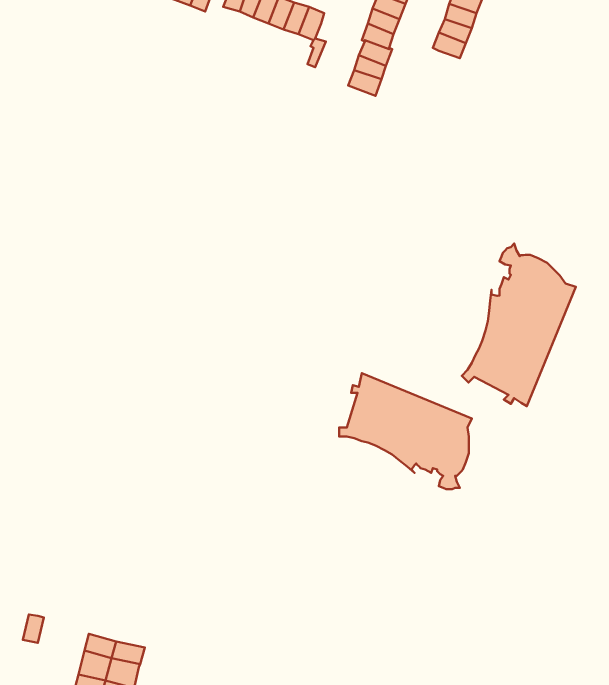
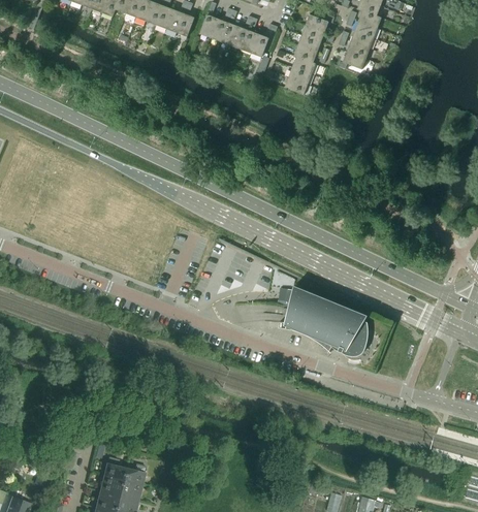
building: [462,244,576,406] -> none

